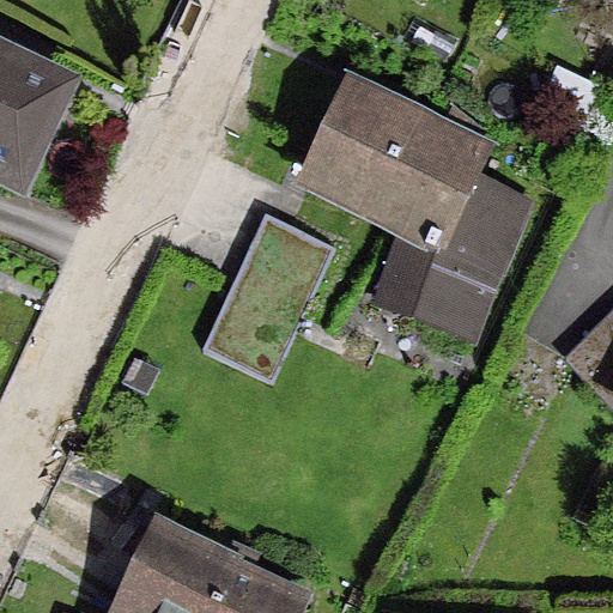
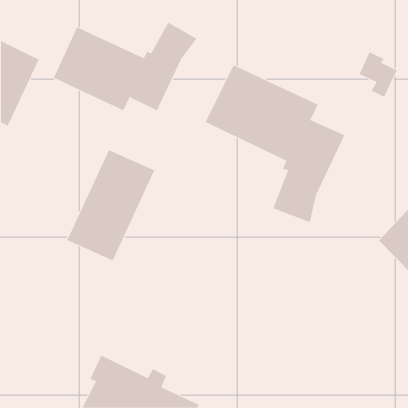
building: none -> [53,22,197,111]
building: [202,216,334,382] -> [66,149,155,261]

